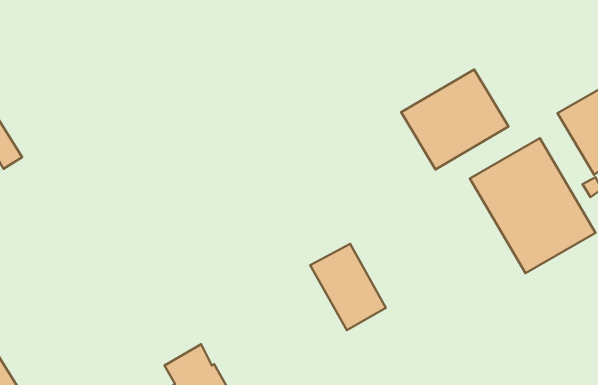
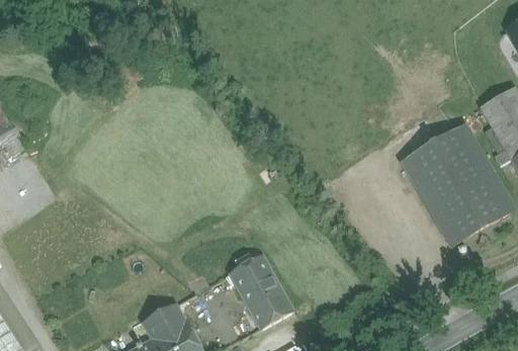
building: [401,69,508,169] -> none
building: [310,244,386,330] -> [227,255,291,329]

